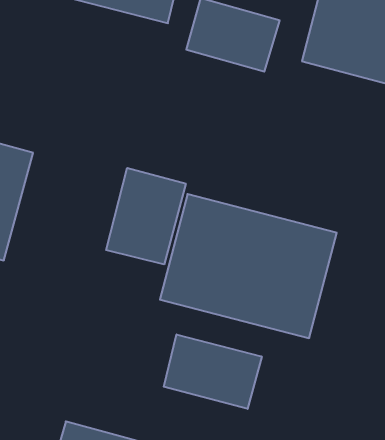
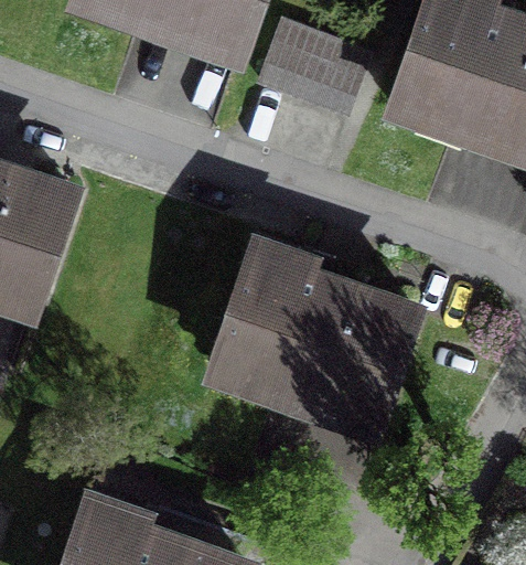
building: [106,168,186,264] -> none
building: [164,334,262,409] -> none

